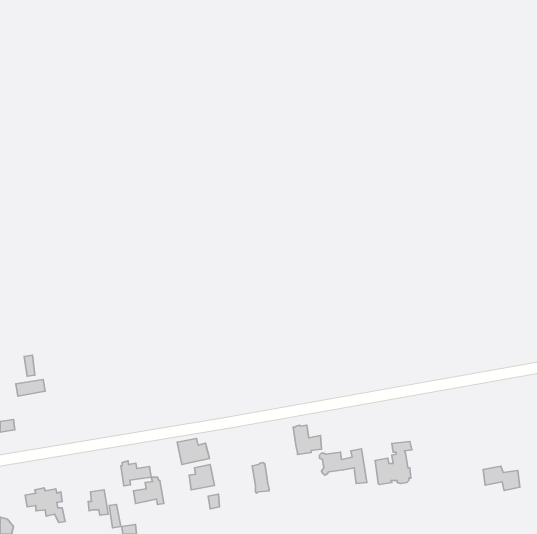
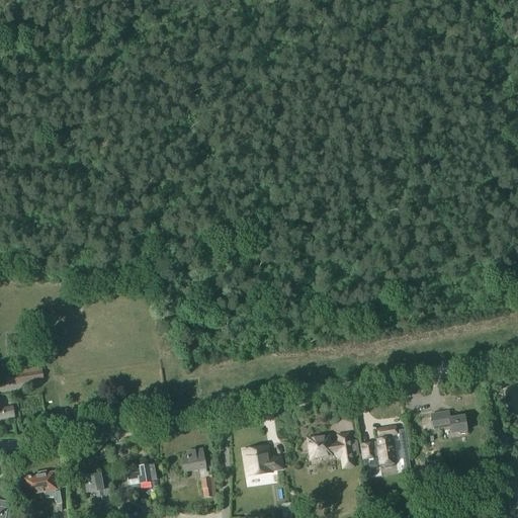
building: [293,425,322,455] -> [255,444,282,472]
building: [177,438,210,465] -> none
building: [121,461,151,486] -> none
building: [483,466,520,490] -> [431,410,466,433]

